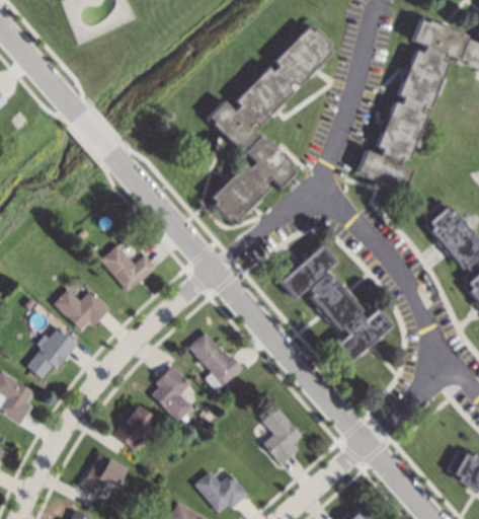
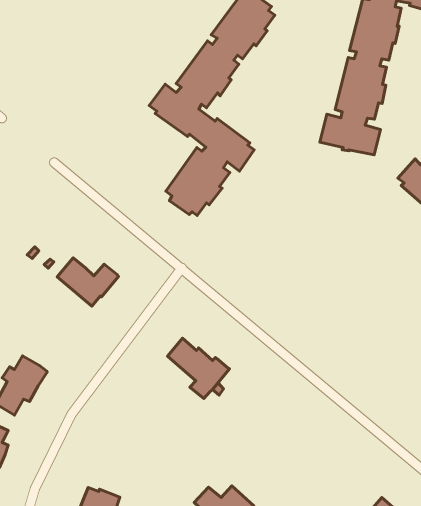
building: [281,244,392,362] -> none
building: [54,289,109,330] -> none
building: [152,365,193,423] -> none
building: [113,404,157,450] -> none
building: [261,406,301,464] -> none

